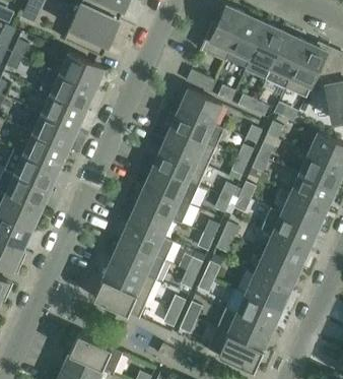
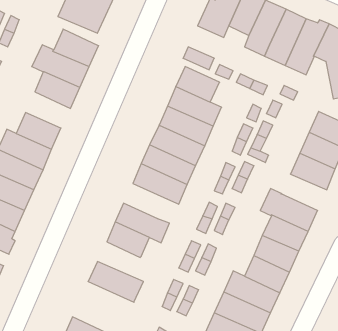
building: [32,114,76,149] -> none
building: [281,194,326,230] -> none
building: [128,203,170,238] -> none
building: [102,260,156,299] -> none

